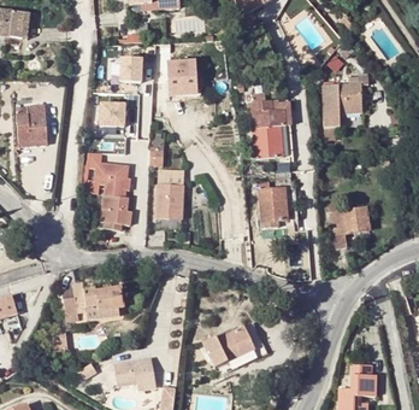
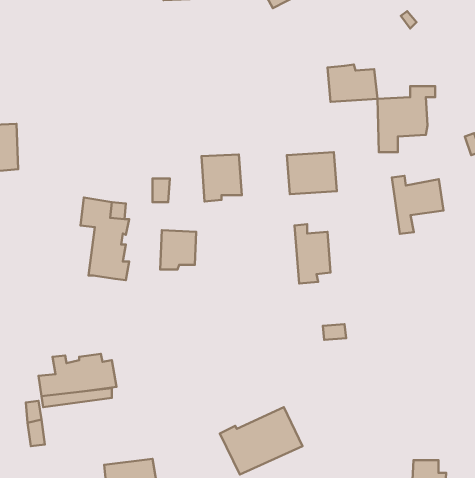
building: [120,55,144,80] -> none
building: [167,59,199,95] -> [201,155,242,202]
building: [252,99,290,128] -> [327,64,377,102]
building: [99,100,128,125] -> none
building: [330,203,370,247] -> [392,176,443,234]

